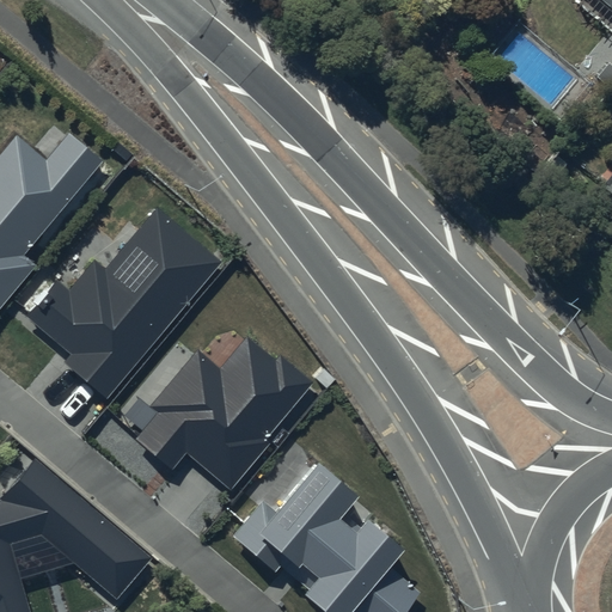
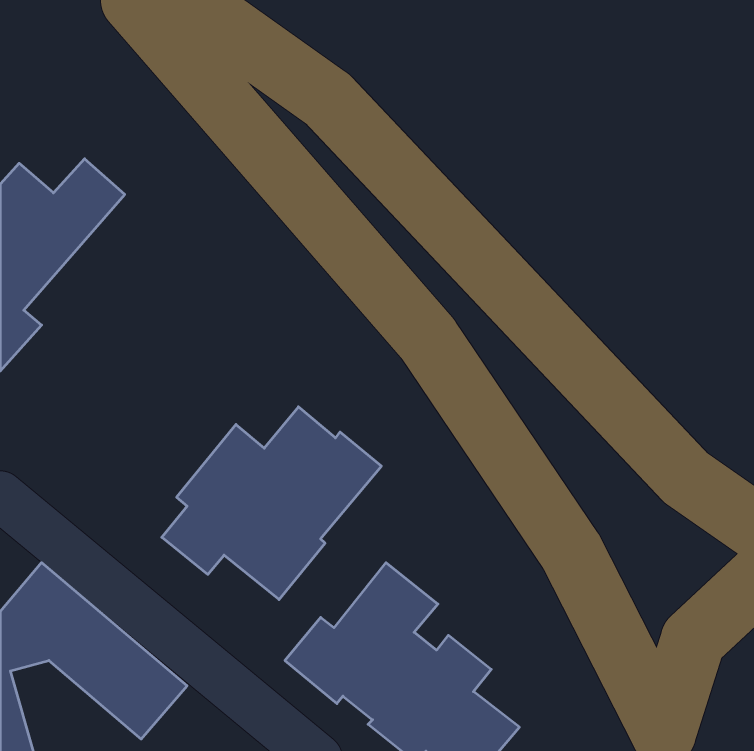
building: [22,213,214,396] -> none

